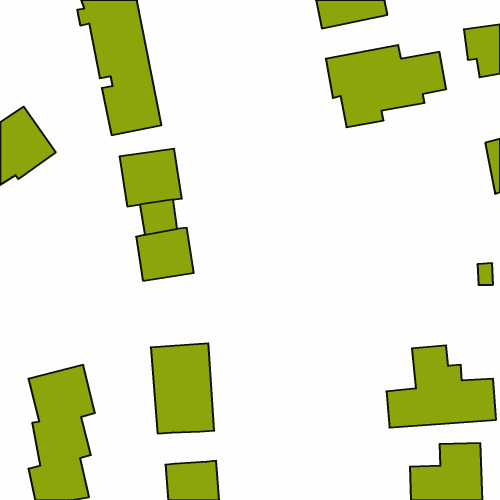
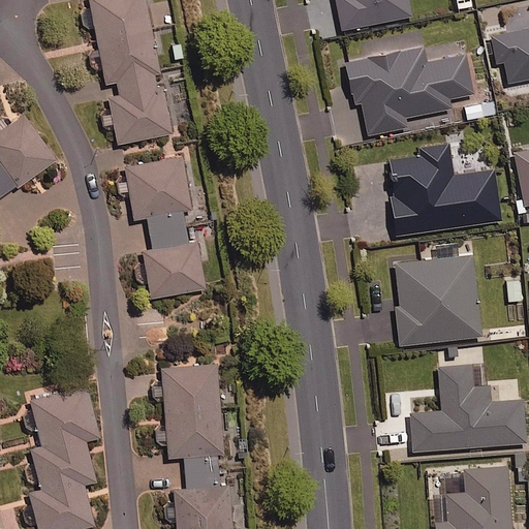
building: none -> [386,145,499,235]
building: none -> [391,254,479,346]
building: none -> [182,455,218,490]

